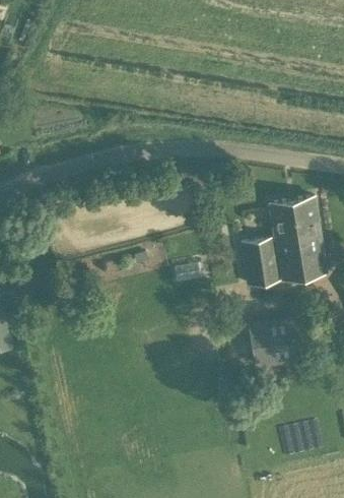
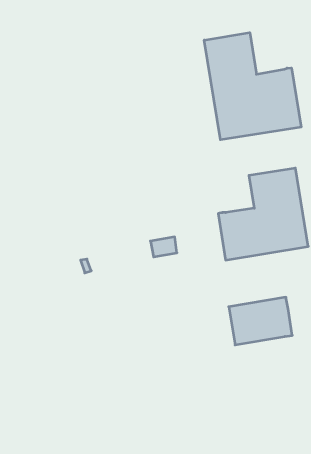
building: none -> [204,33,301,140]

